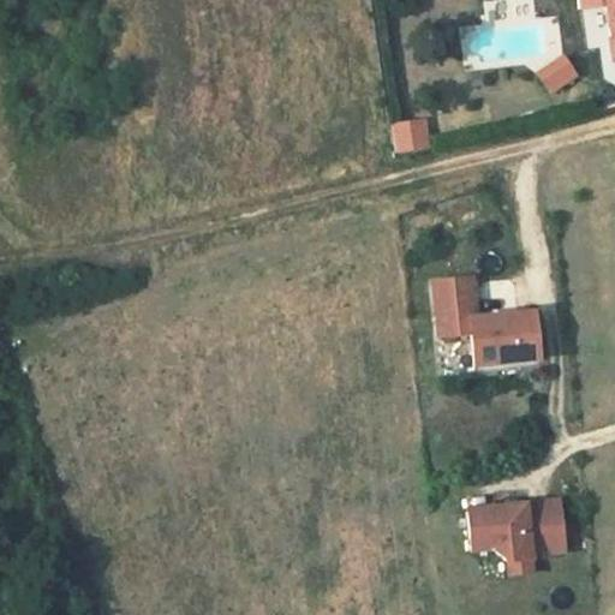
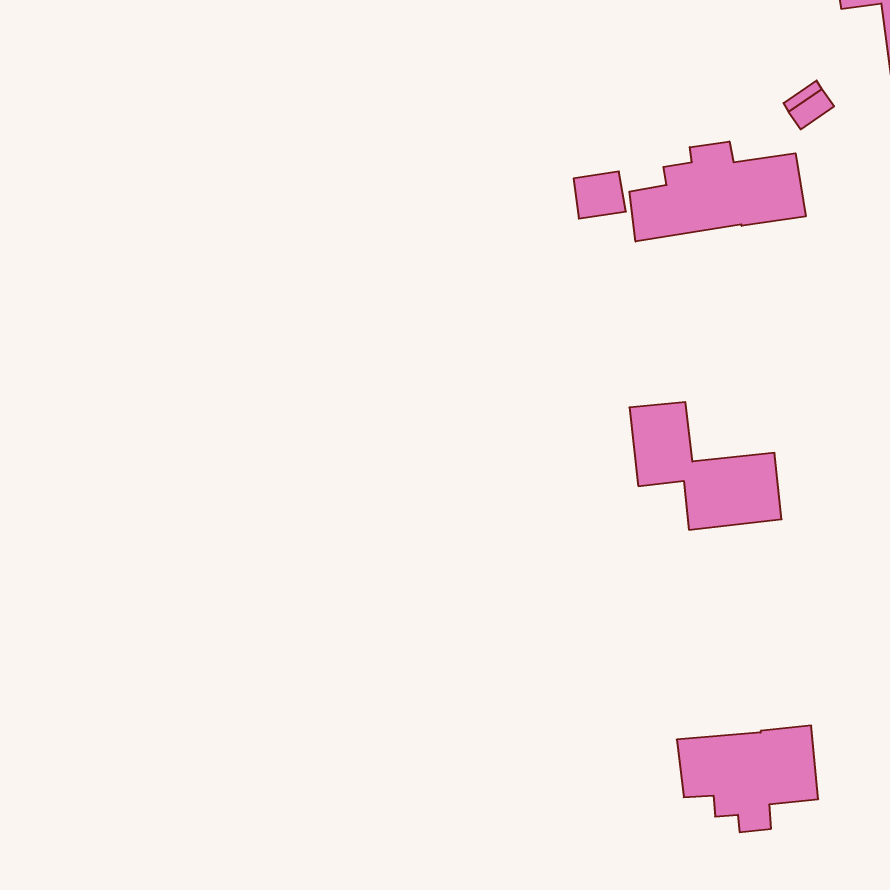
building: none -> [629,141,806,242]

